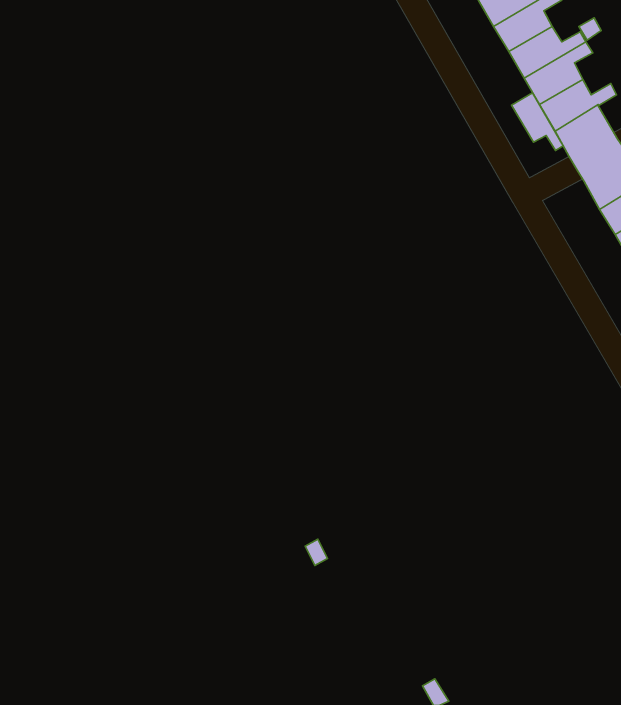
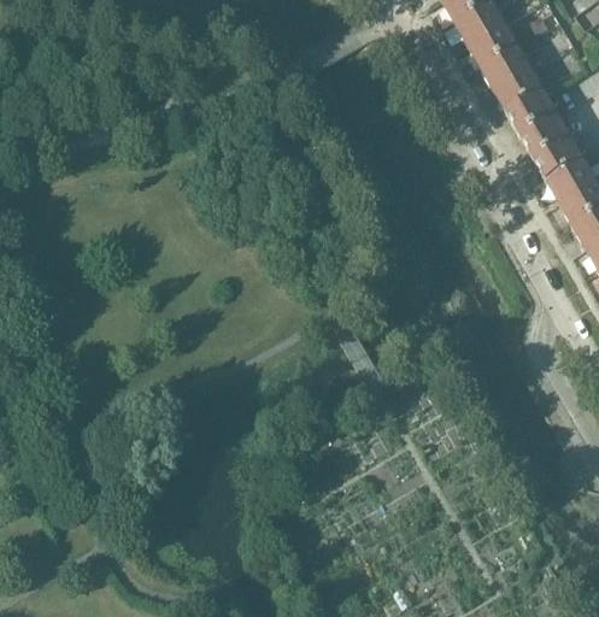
building: [512,93,563,150] -> none

